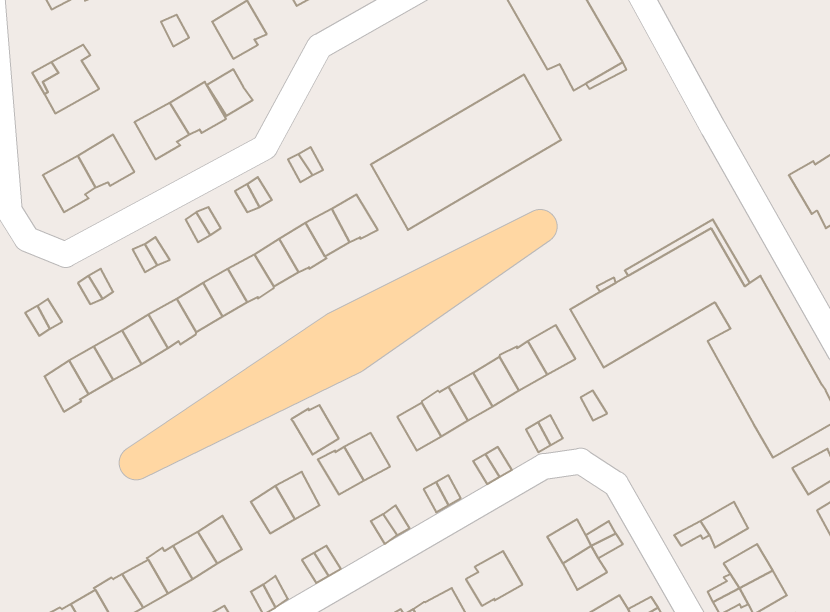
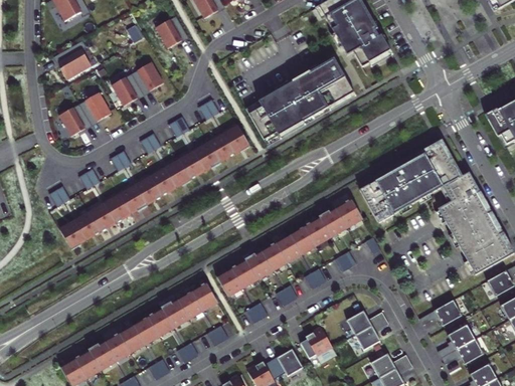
building: [207,69,253,116] -> none
building: [291,405,339,455] -> [244,252,272,280]
building: none -> [161,301,188,328]

